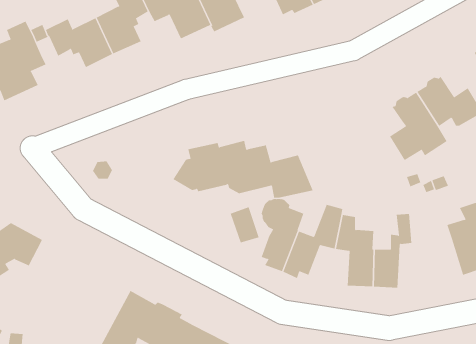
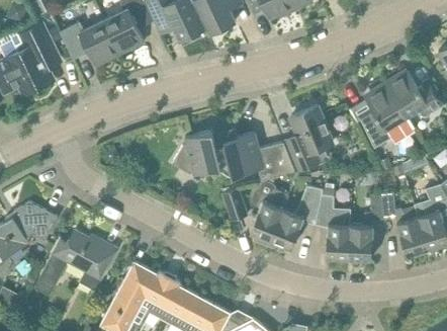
building: none -> [290,106,333,170]
building: none -> [381,192,428,255]
building: none -> [34,230,116,296]

